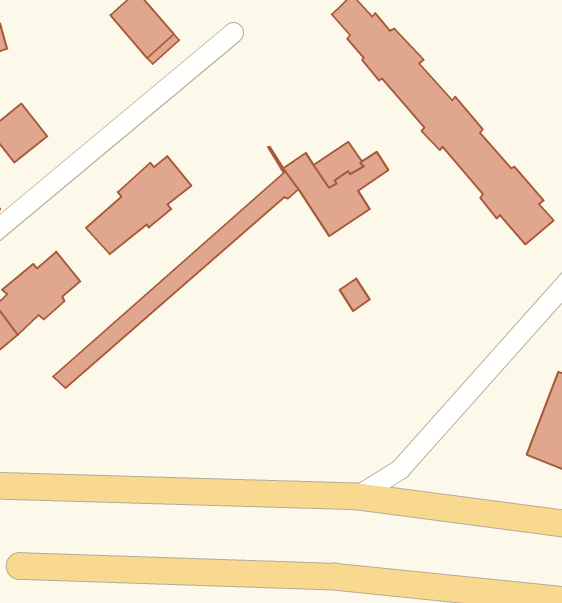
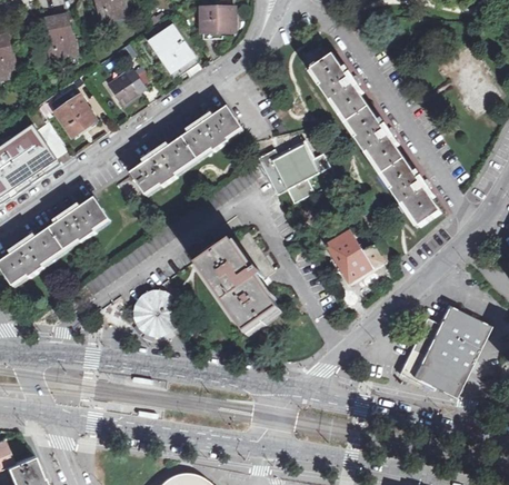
building: none -> [108,73,143,105]
building: none -> [178,108,241,164]
building: none -> [327,231,390,288]
building: none -> [198,242,280,336]
building: none -> [131,289,184,338]

